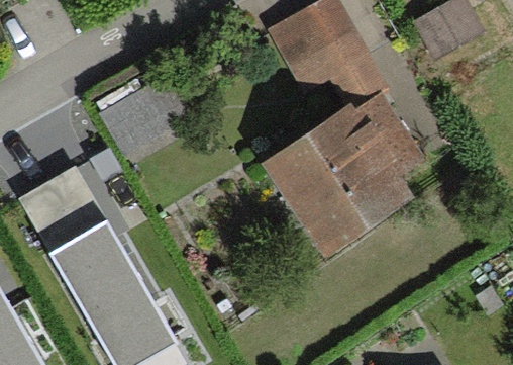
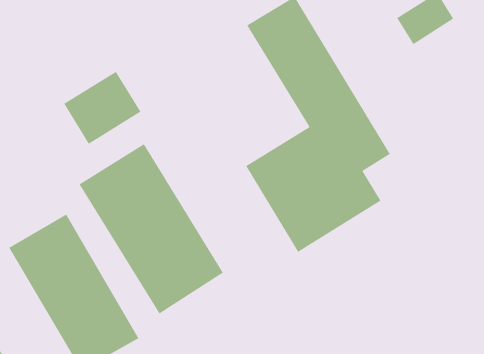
building: none -> [79,143,224,314]

